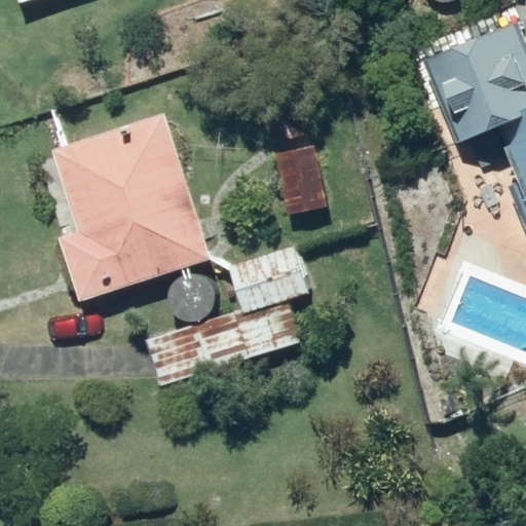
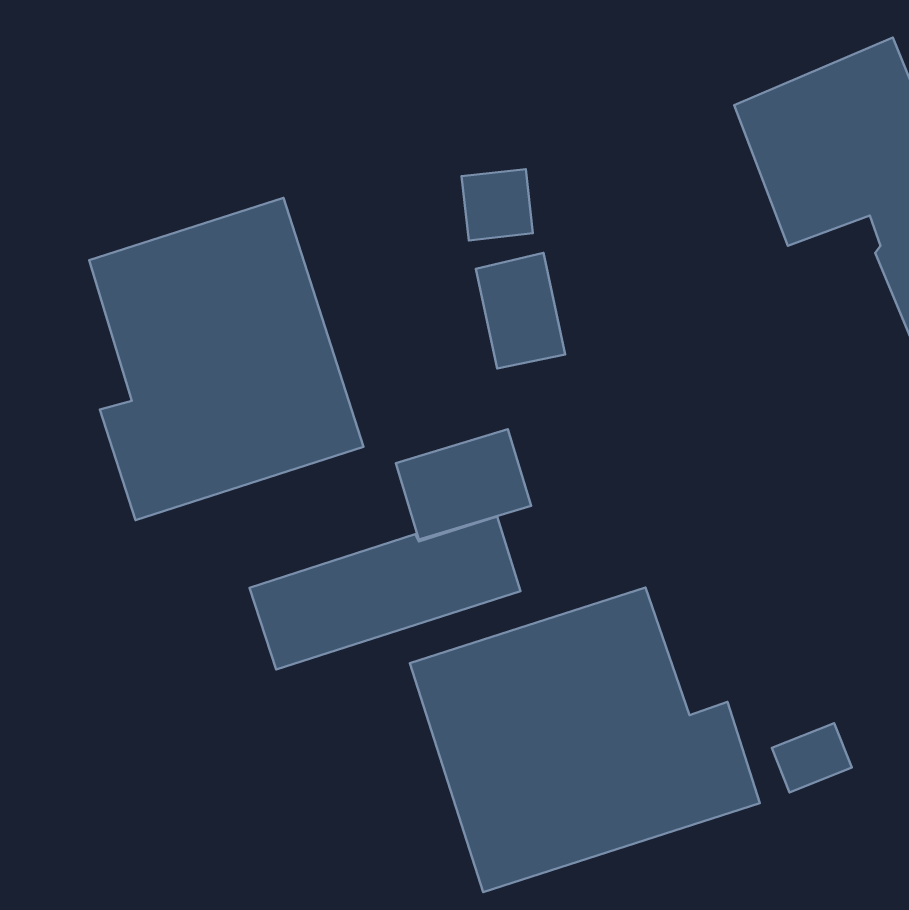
building: none -> [410,587,760,892]

